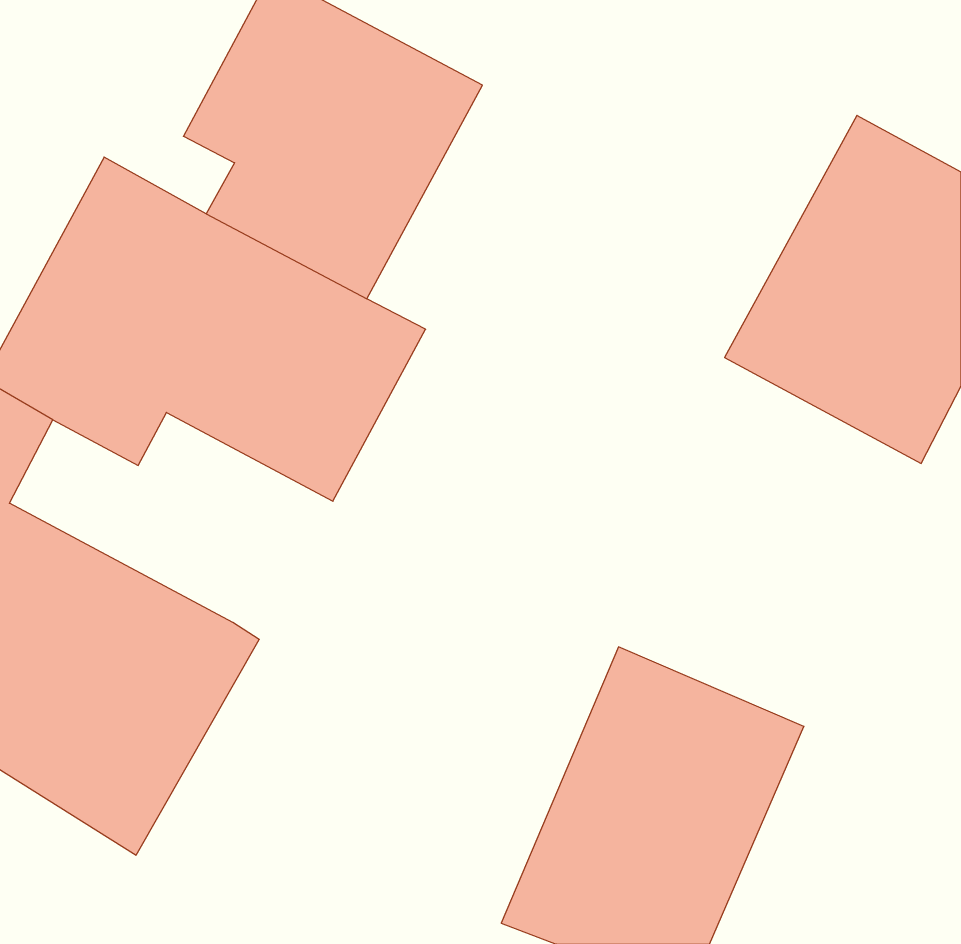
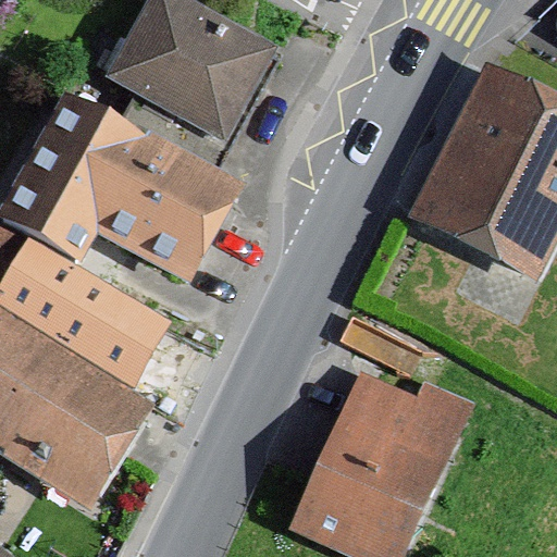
building: none -> [5,242,160,358]

